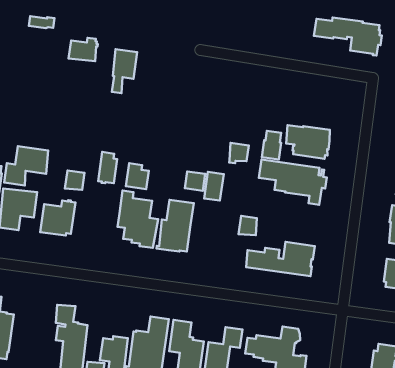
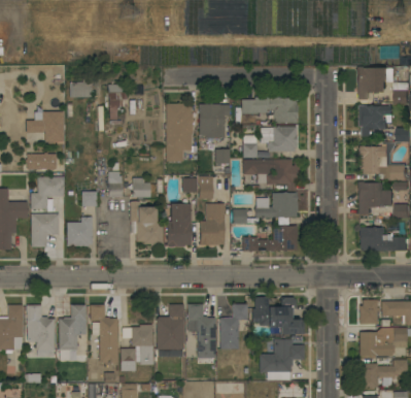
building: [314,17,382,56] -> [242,97,299,124]
building: none -> [27,111,64,144]
building: none -> [166,104,194,162]
building: none -> [199,104,231,138]
building: none -> [26,153,57,171]
building: none -> [255,192,298,226]
building: none -> [200,204,226,245]
building: none -> [59,305,87,351]

